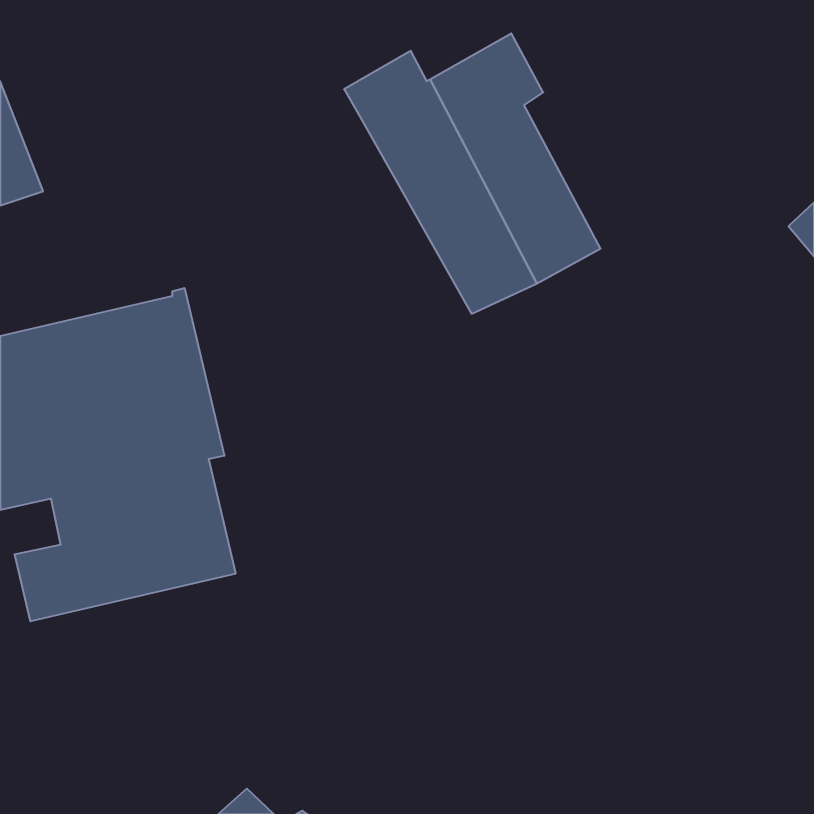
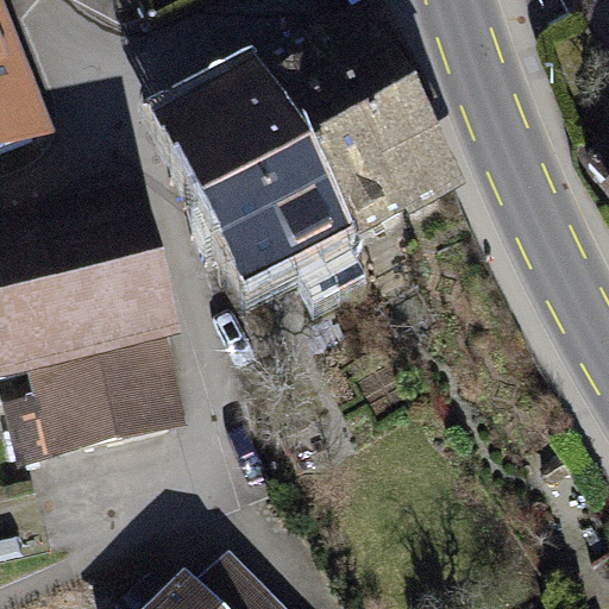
building: none -> [176,74,352,294]

